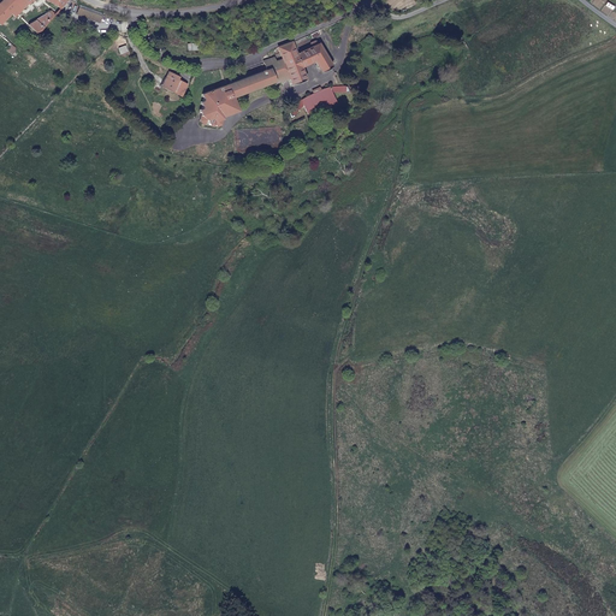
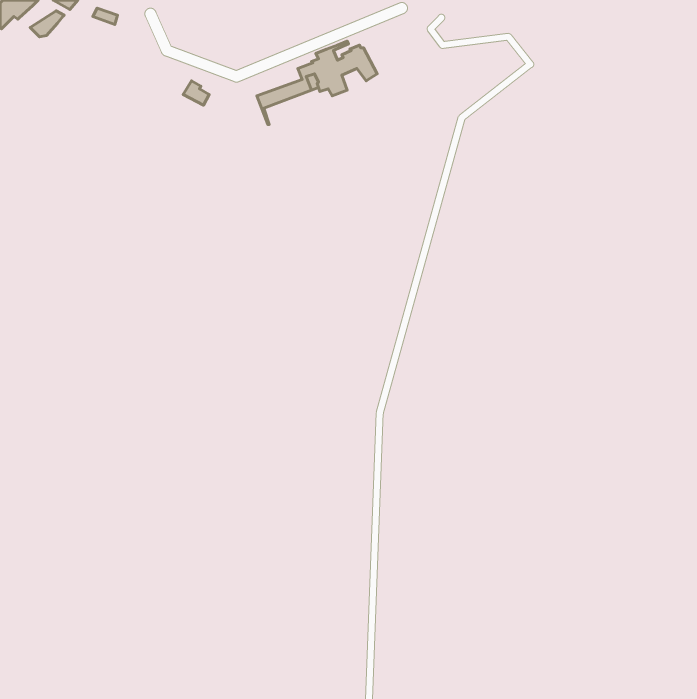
building: [200,84,237,126] -> none
building: [290,85,348,118] -> none

